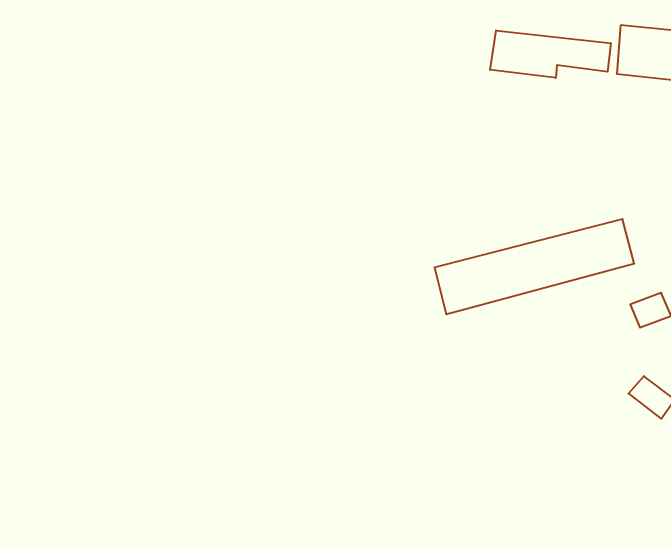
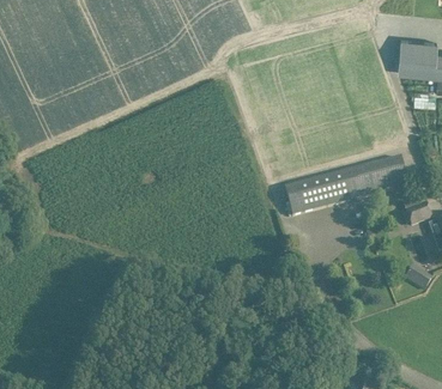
building: [490,30,611,78] -> none

